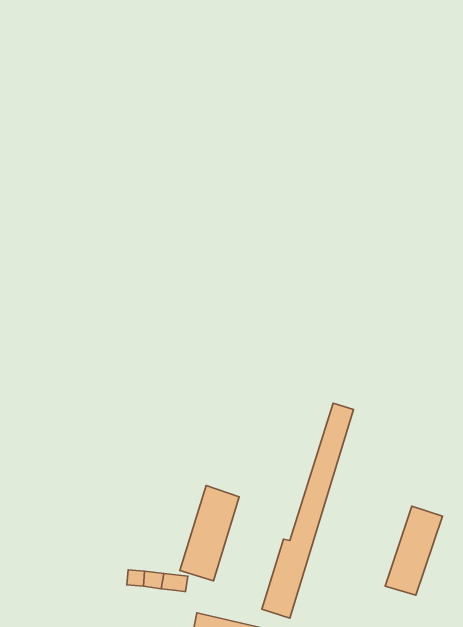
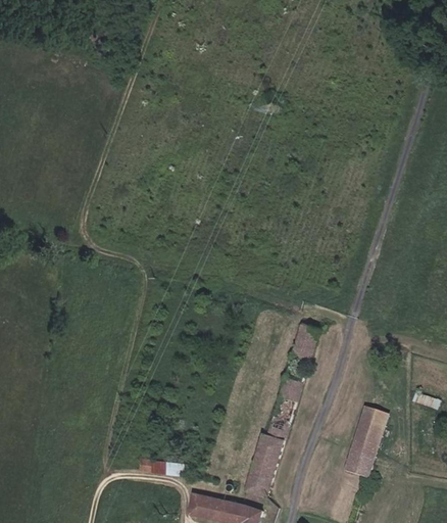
building: [180,485,239,581] -> none

